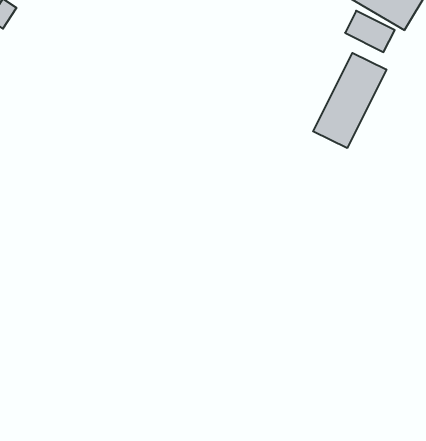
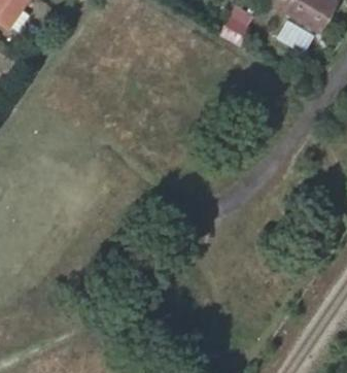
building: [313,53,386,148] -> none

